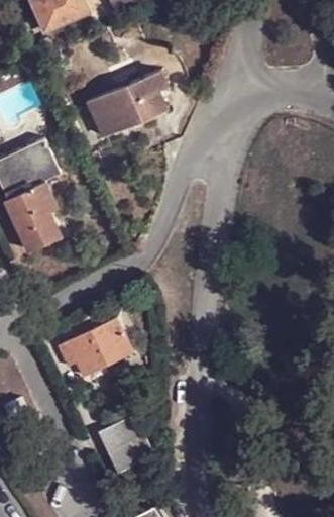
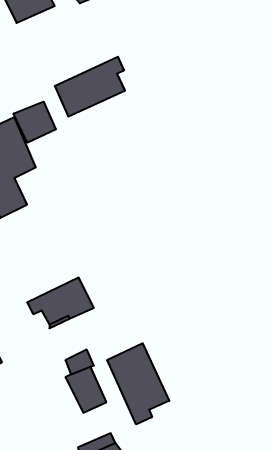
building: none -> [14,102,56,143]
building: none -> [107,343,169,424]

